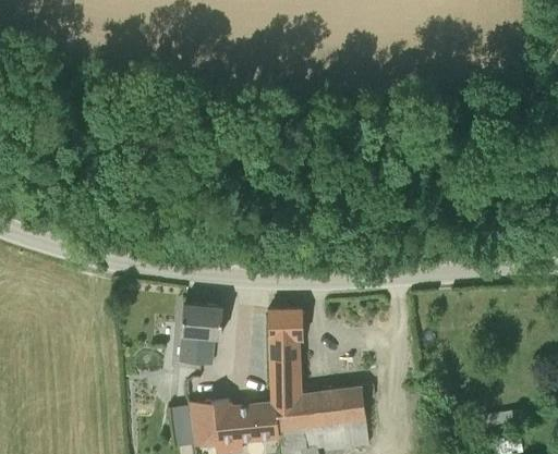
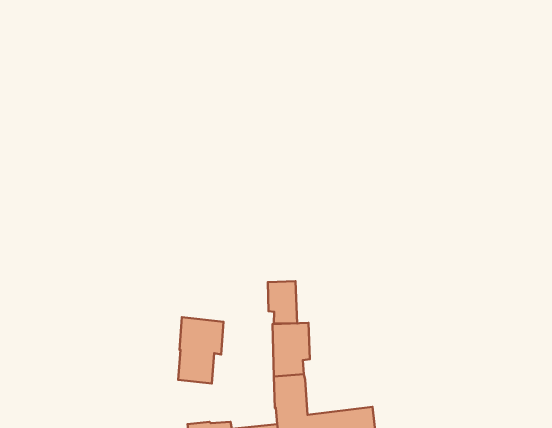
building: none -> [268,281,297,323]

